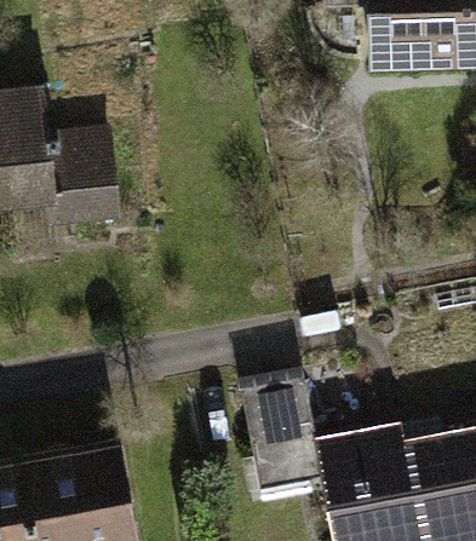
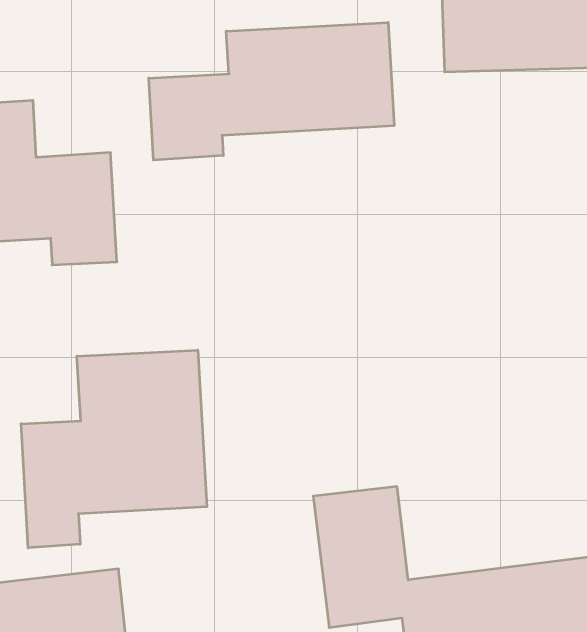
building: none -> [149,22,394,160]
building: none -> [21,350,207,548]

